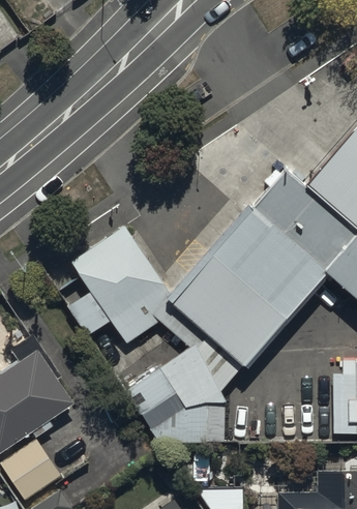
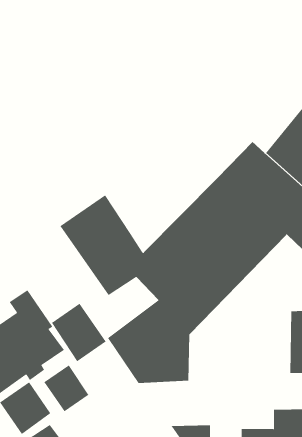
building: none -> [51,303,107,362]
building: none -> [43,365,89,412]

